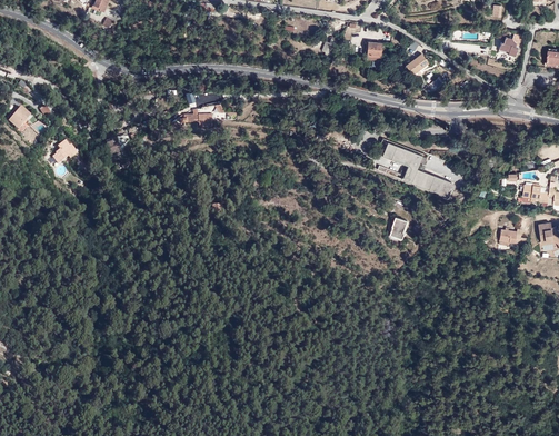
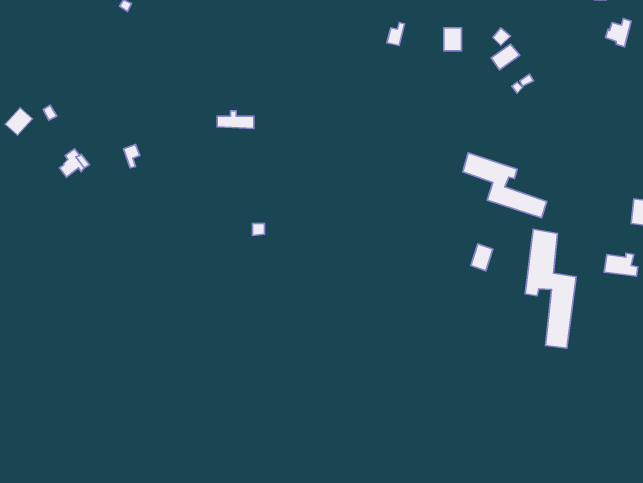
building: none -> [525,229,576,348]

